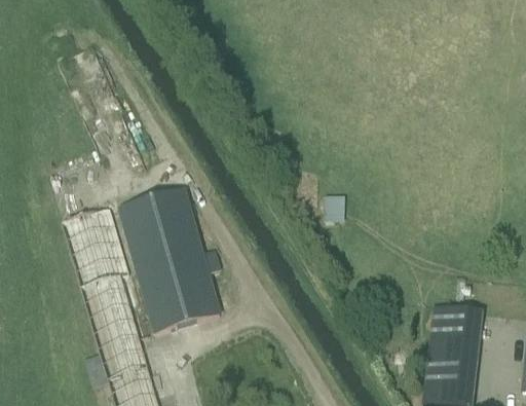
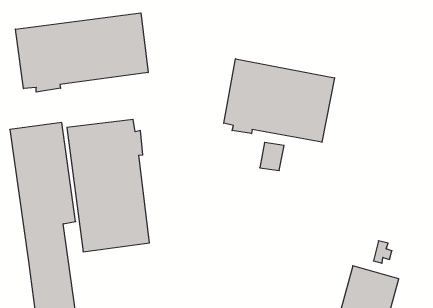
building: none -> [15,13,148,92]
building: none -> [224,59,335,142]

